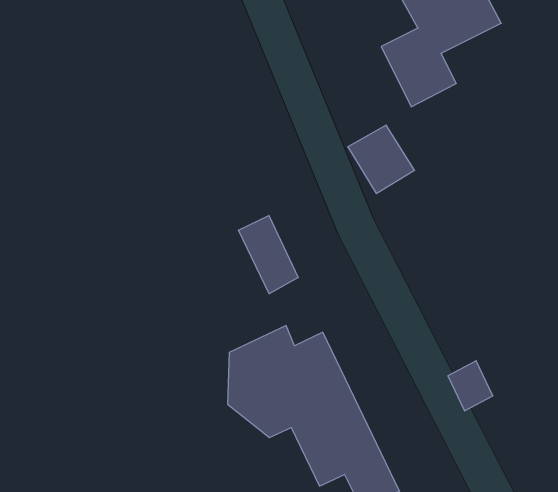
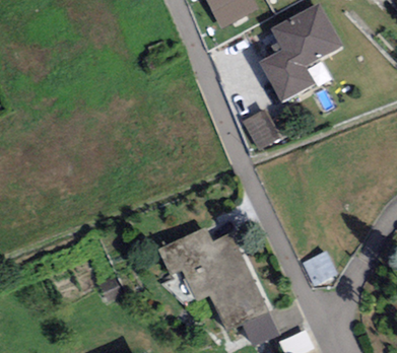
building: [238,215,298,294] -> none

